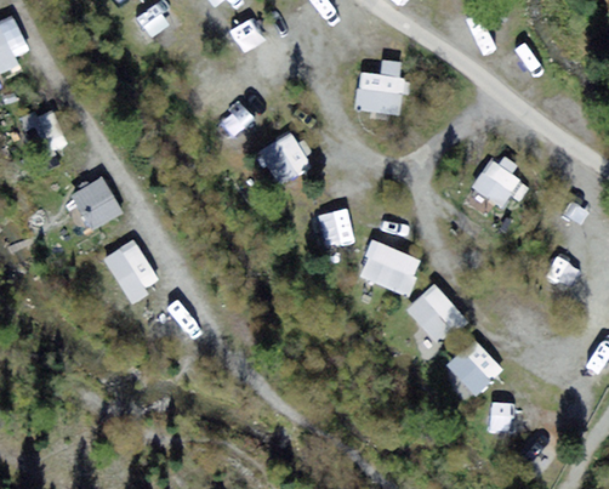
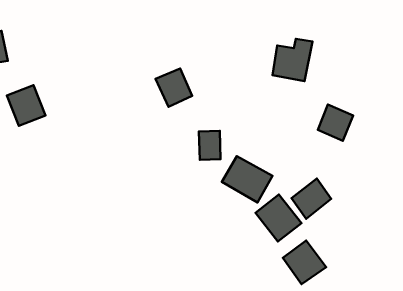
building: [357,61,404,114] -> [272,39,313,81]
building: [104,240,156,300] -> none
building: none -> [291,179,331,219]

